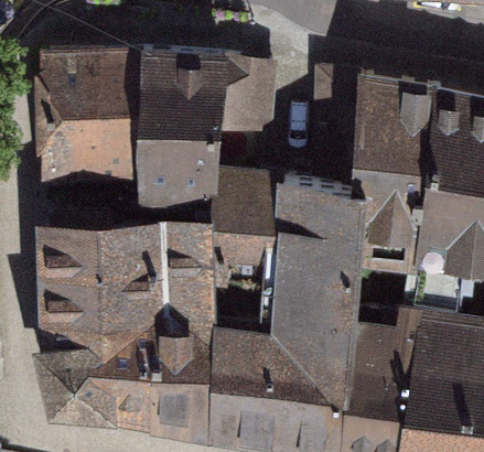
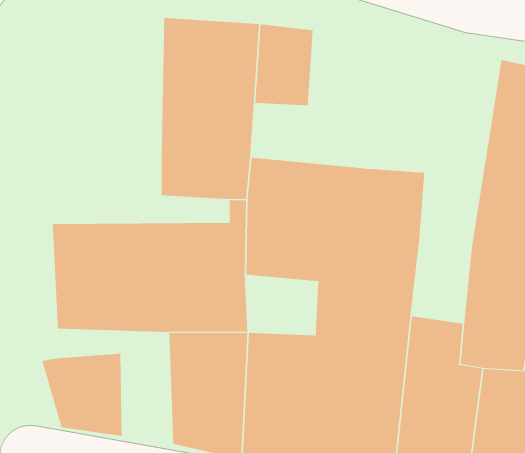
building: [47,53,146,181] -> none
building: [321,74,435,250] -> none
building: [53,321,153,420] -> none

